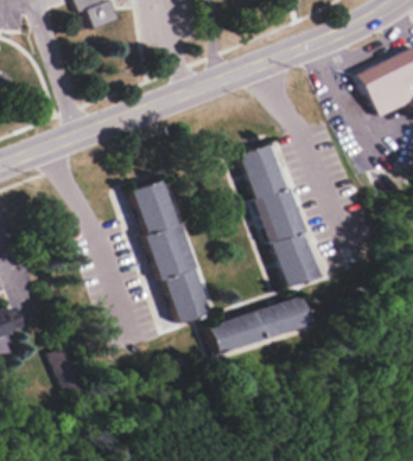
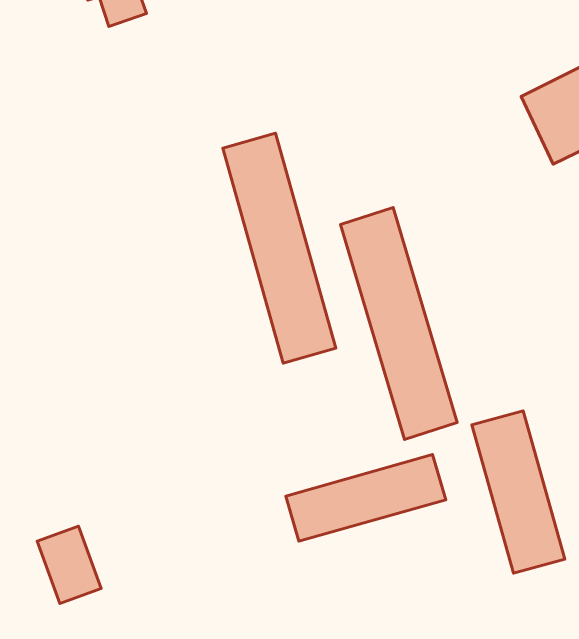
building: [136,180,208,325] -> [223,133,336,363]
building: none -> [472,411,565,573]

